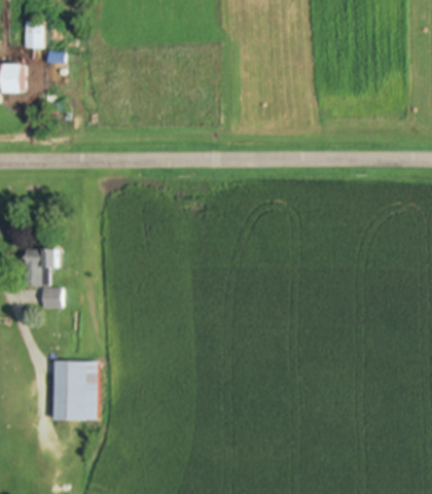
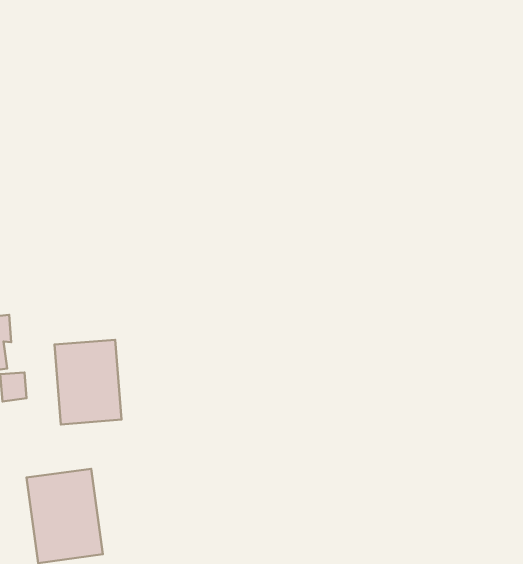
building: none -> [55,340,122,424]

